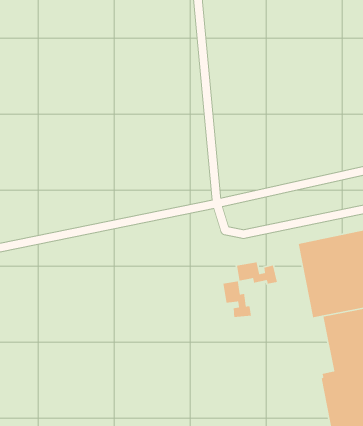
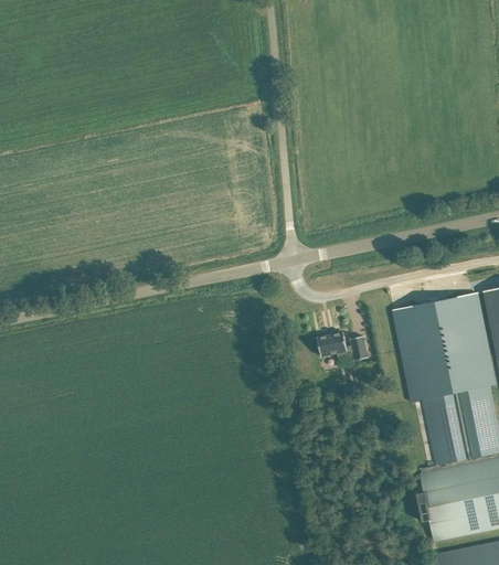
building: [223,280,252,318] -> none

